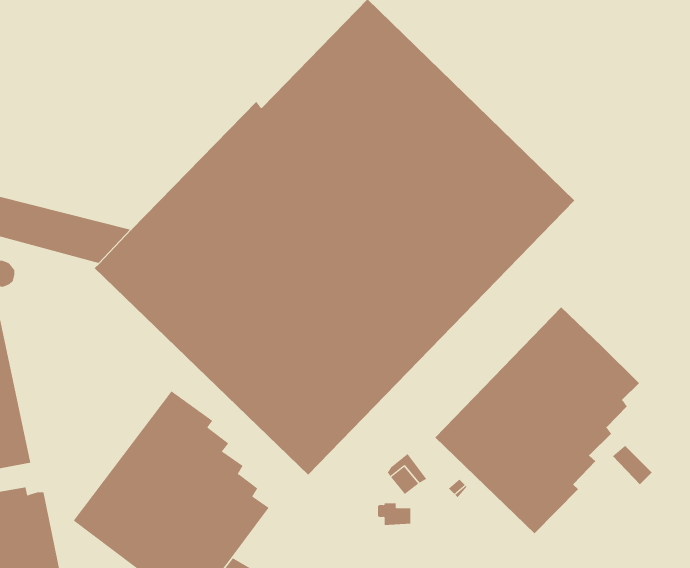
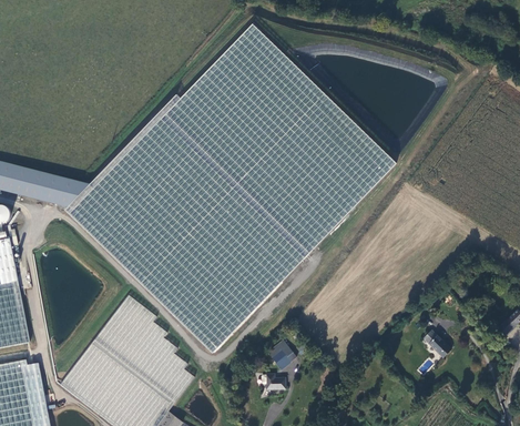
building: [435,307,640,534] -> none

